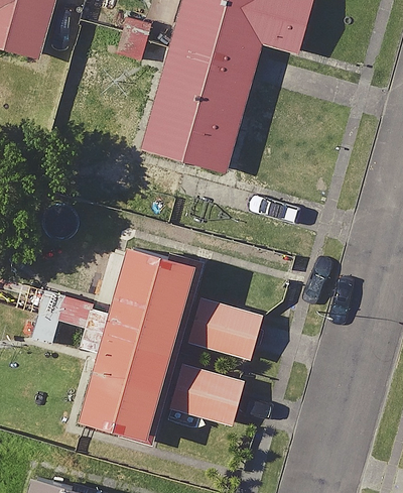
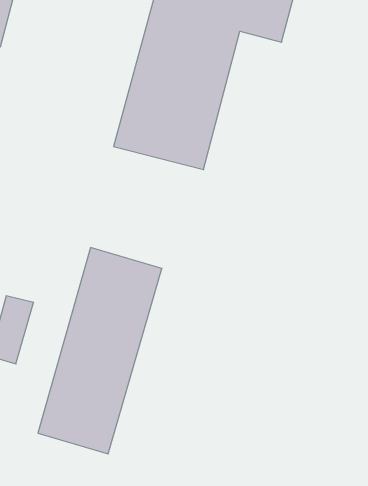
building: [188,298,264,361] -> none
building: [169,365,245,426] -> none

